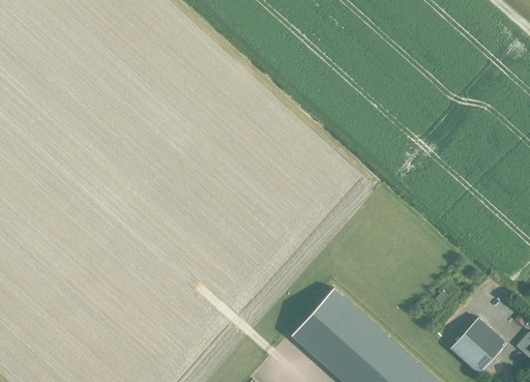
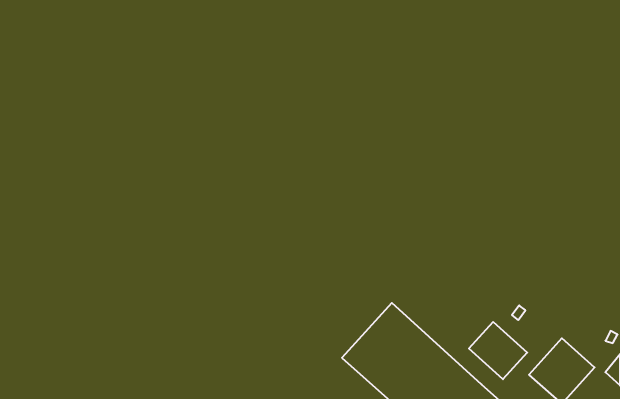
building: none -> [469,322,527,379]

